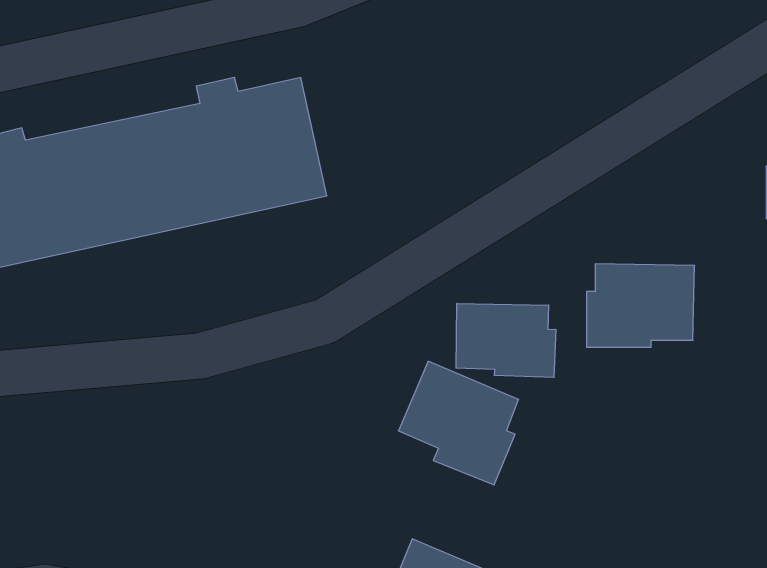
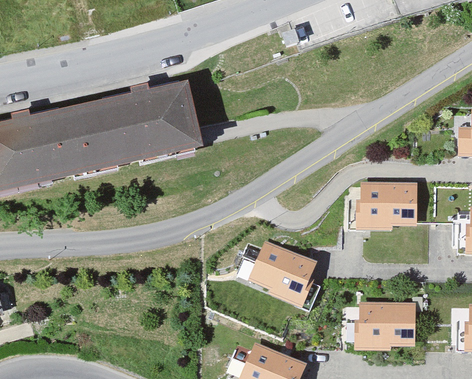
building: [456,303,556,377] -> none
building: none -> [352,304,414,352]

